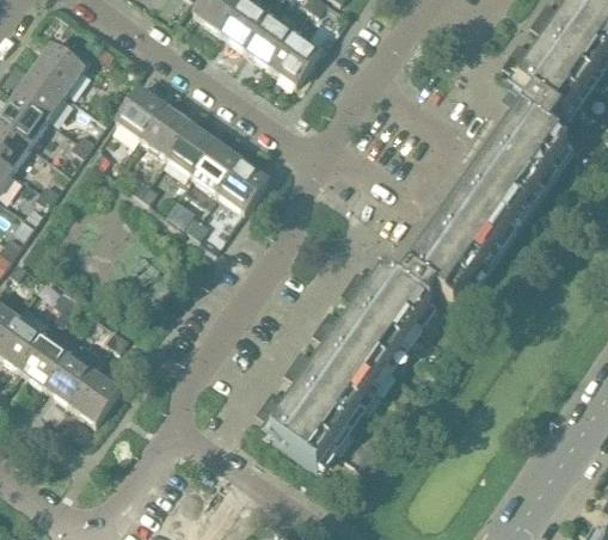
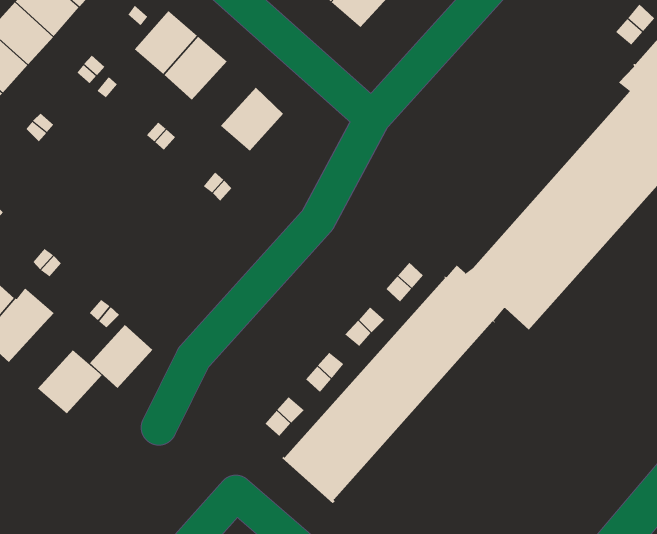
building: [167,123,217,176] -> none
building: [219,160,269,213] -> none
building: [44,351,94,404] -> [89,324,153,389]

